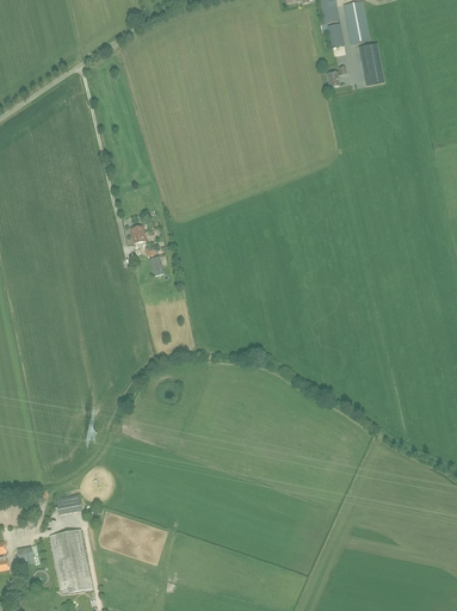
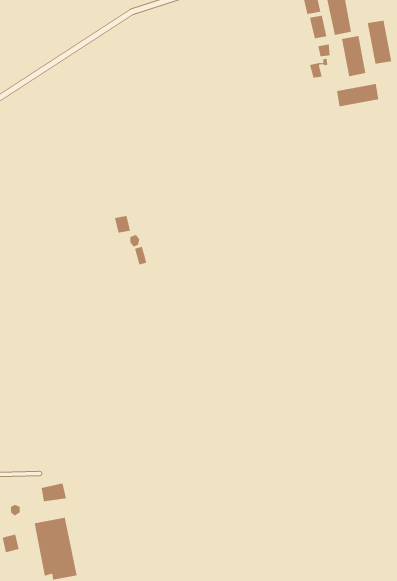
building: none -> [367,20,392,65]
building: none -> [336,83,379,107]

